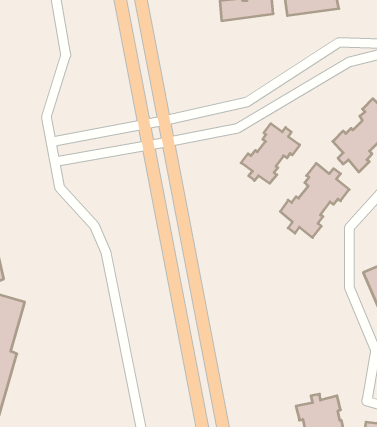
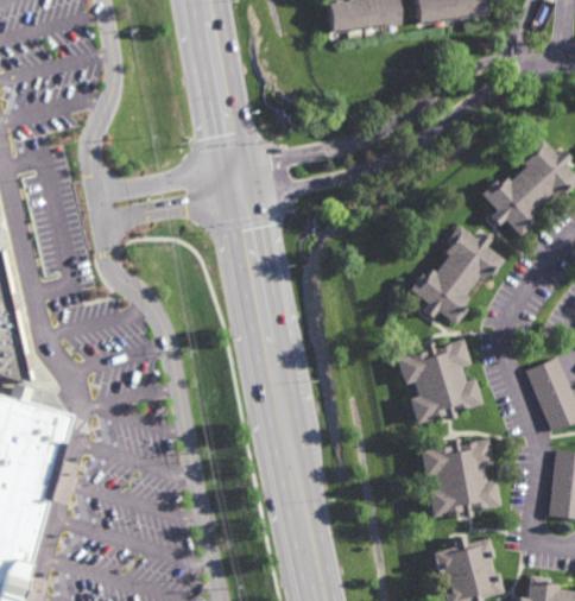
building: [241,124,300,183] -> none
building: none -> [393,343,478,428]
building: none -> [417,439,494,519]

